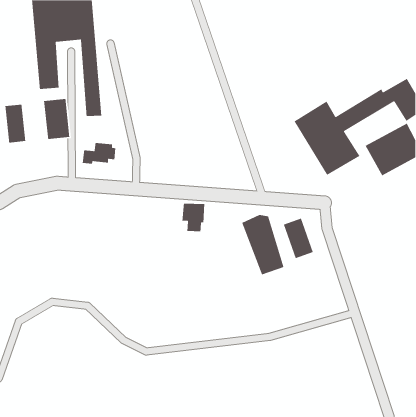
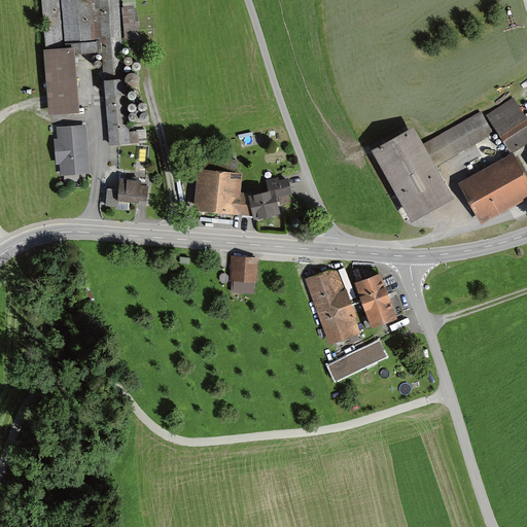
building: [5,104,26,143] -> none
building: none -> [197,157,291,219]
building: none -> [330,343,386,379]

